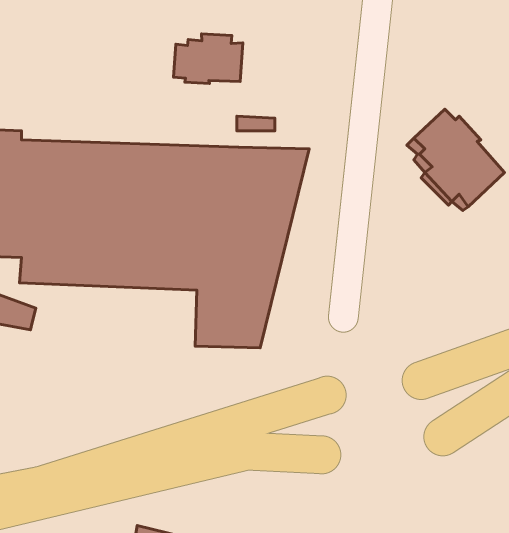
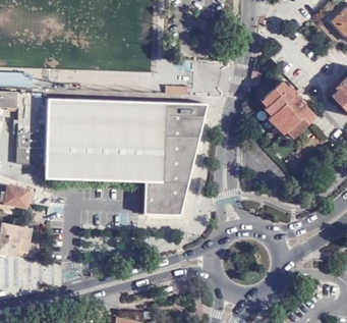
building: [174,34,243,84] -> none

